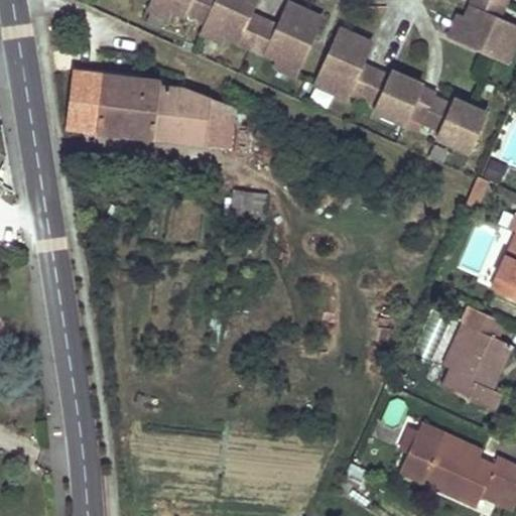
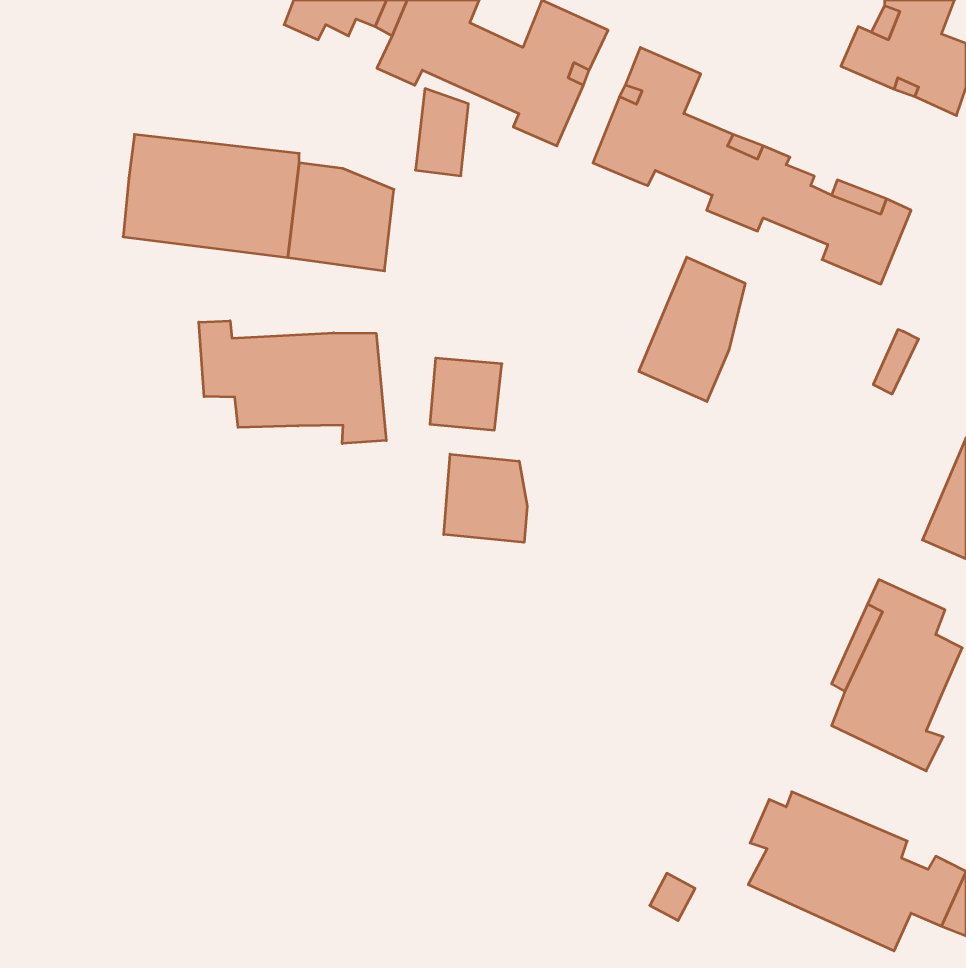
building: [205,101,233,147] -> [415,89,468,176]
building: none -> [639,257,745,402]
building: none -> [199,321,386,444]
building: none -> [444,454,527,542]

